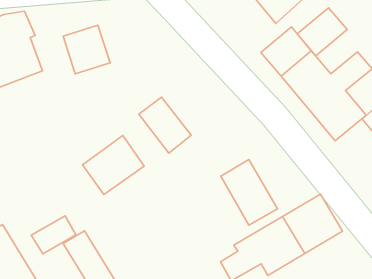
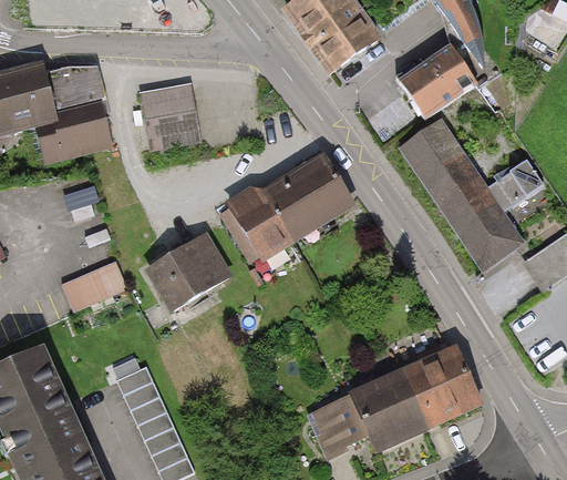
building: [297,8,347,56] -> none
building: none -> [262,157,354,247]
building: [221,160,278,225] -> none
building: [31,216,76,254] -> [66,264,125,310]

